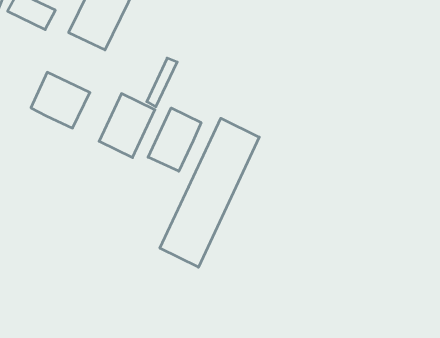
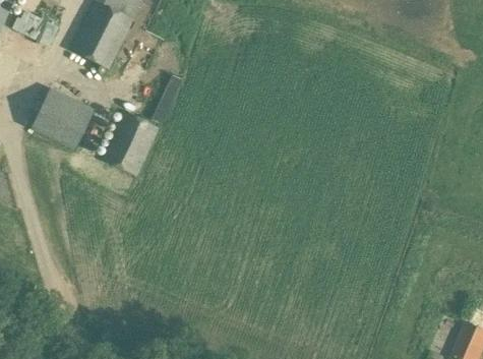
building: [148,108,201,171] -> none
building: [160,118,259,267] -> none

